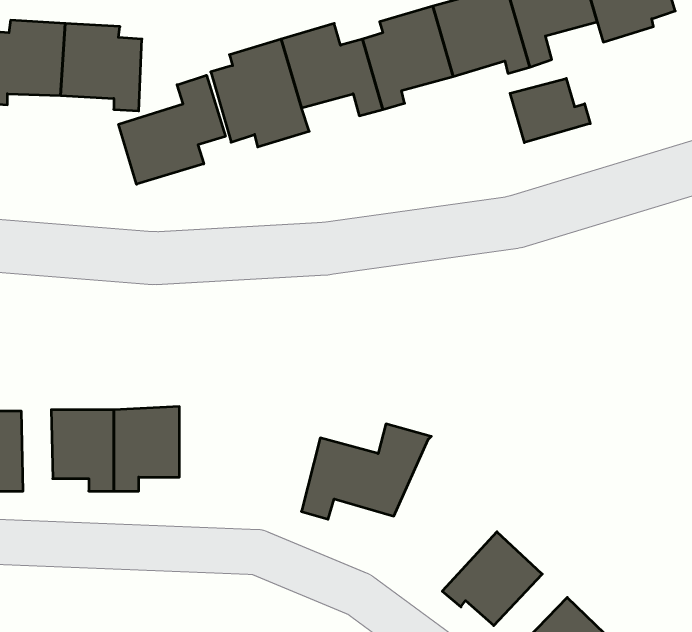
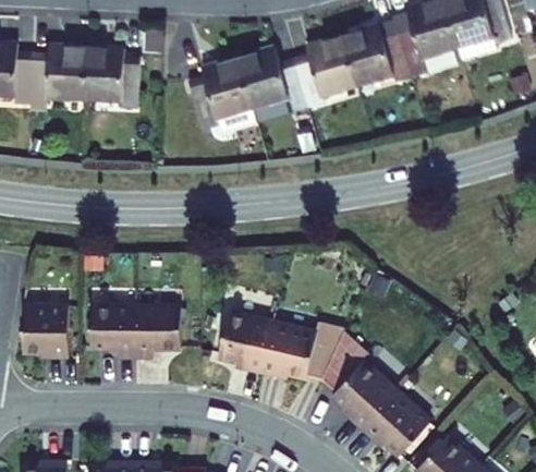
building: [119,75,225,184] -> none
building: [510,78,590,143] -> none
building: none -> [220,319,275,383]
building: none -> [326,332,398,438]

